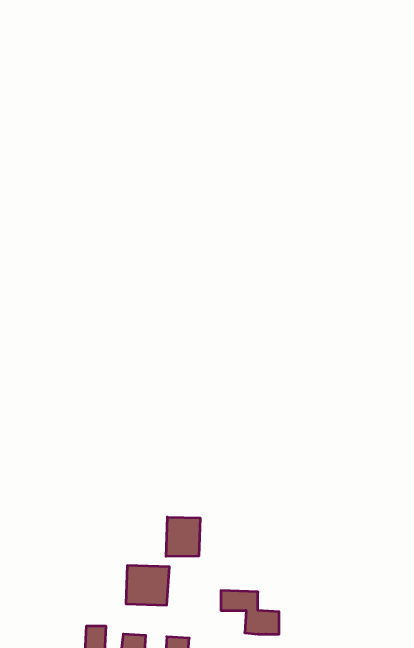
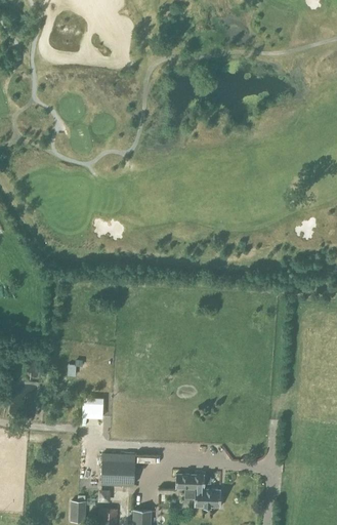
building: [166,517,200,556] -> none

